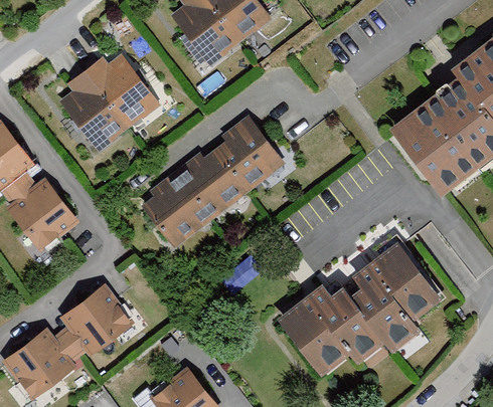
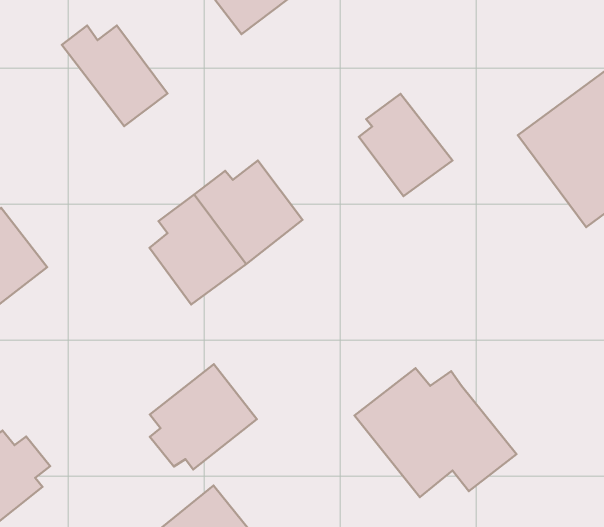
building: [59,68,128,149] -> none
building: [218,118,282,187] -> [359,94,452,196]
building: [356,246,441,351] -> none
building: [61,284,134,356] -> [150,364,257,470]

